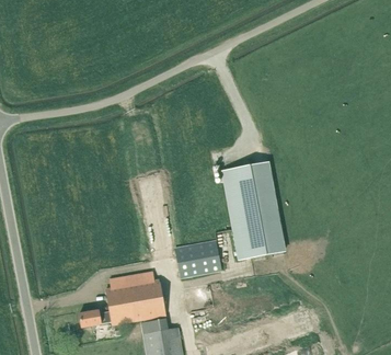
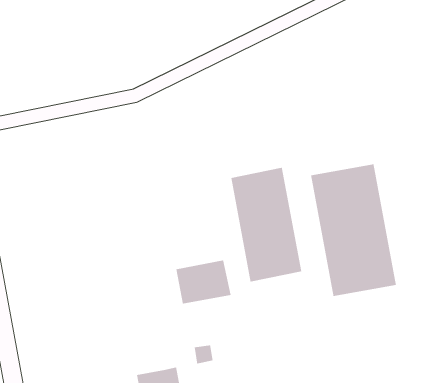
building: none -> [310,164,397,297]
building: [79,271,166,334] -> none

